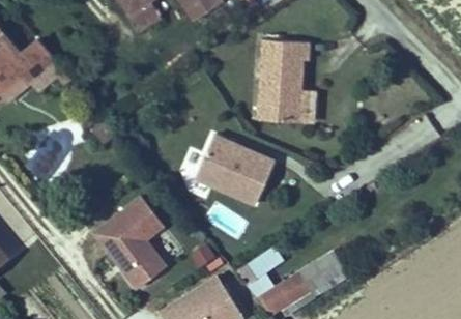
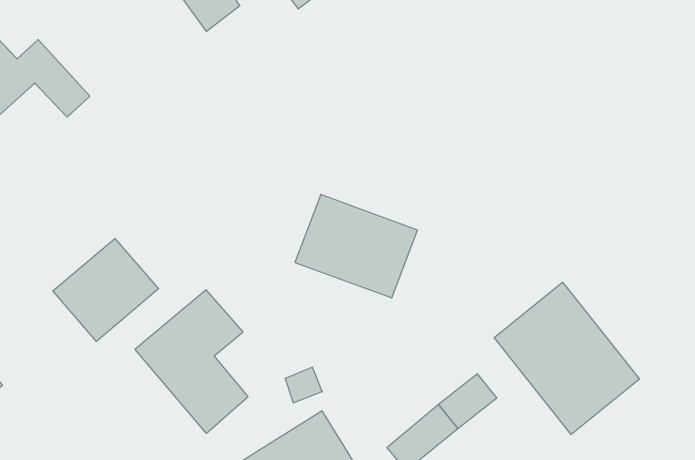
building: [259,40,311,122] -> none
building: none -> [53,239,159,341]
building: none -> [494,282,639,435]

